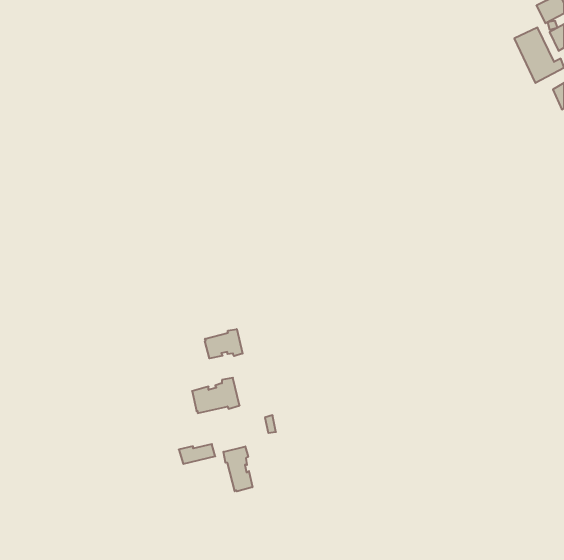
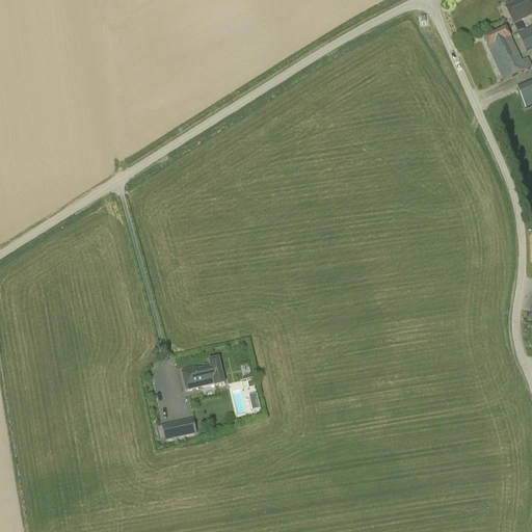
building: [205,329,243,358] -> none
building: [223,446,252,491] -> none

